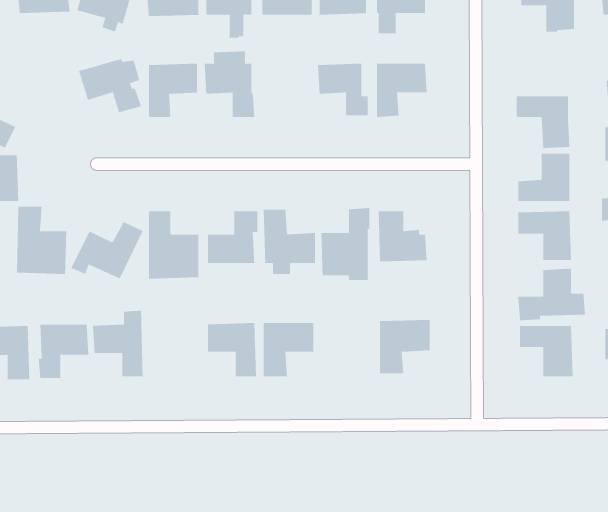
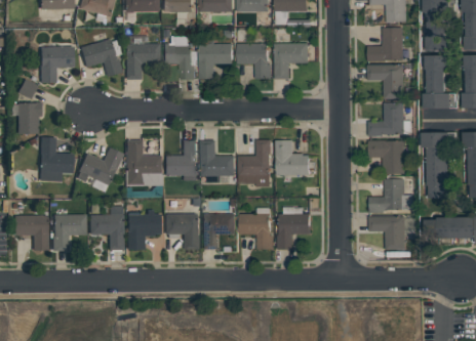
building: none -> [368,27,402,61]
building: none -> [199,36,234,79]
building: none -> [38,48,72,83]
building: none -> [239,213,272,250]
building: none -> [125,214,158,250]

